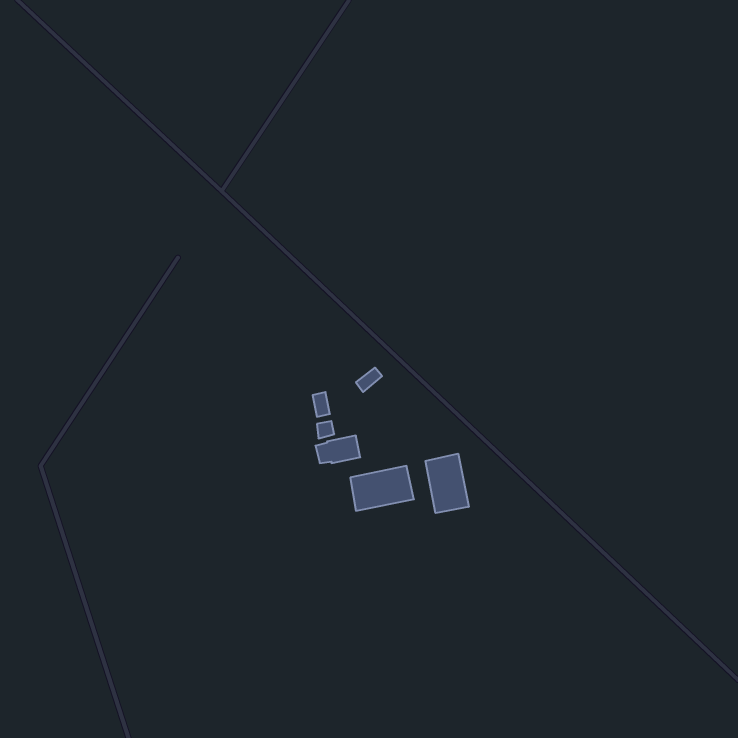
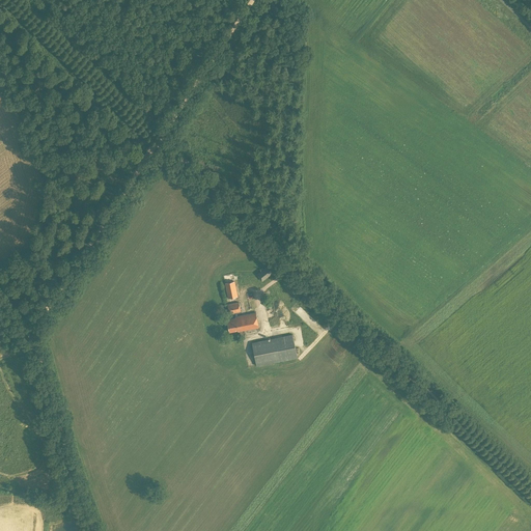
building: [425,454,469,513] -> none

